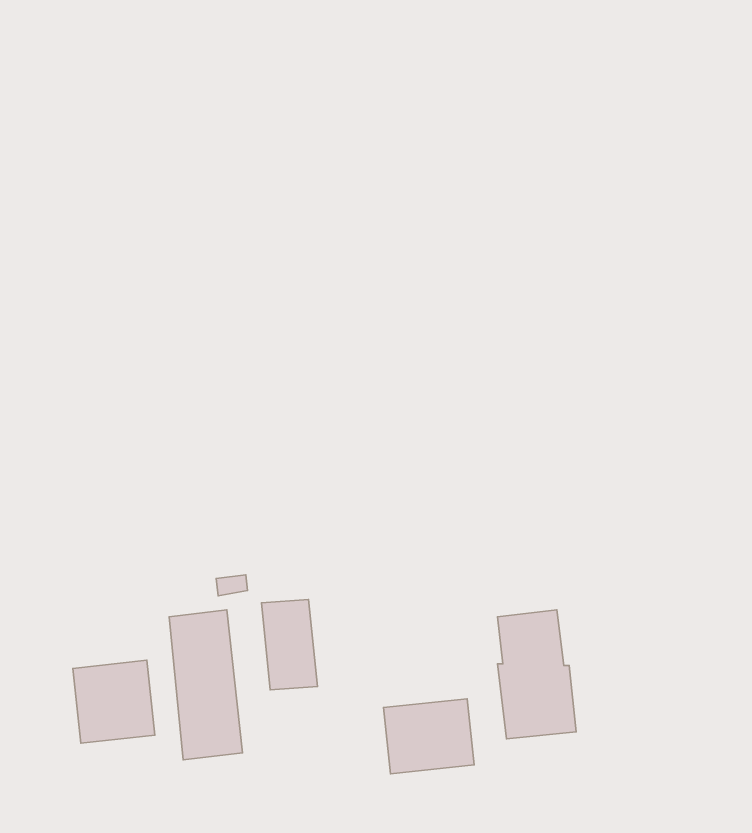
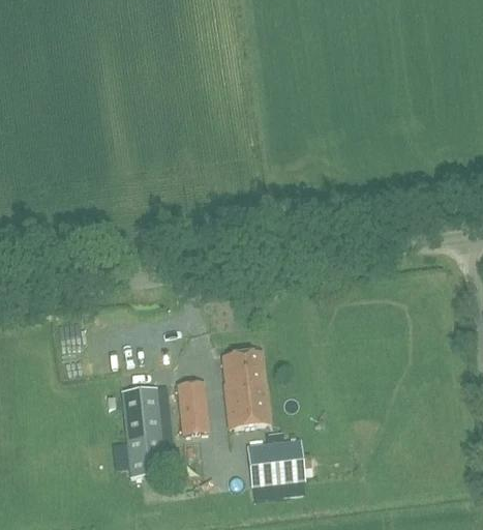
building: [498,610,576,739] -> [224,350,271,426]
building: [73,660,155,743] -> none

